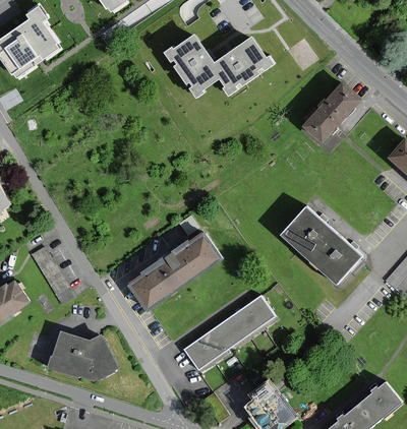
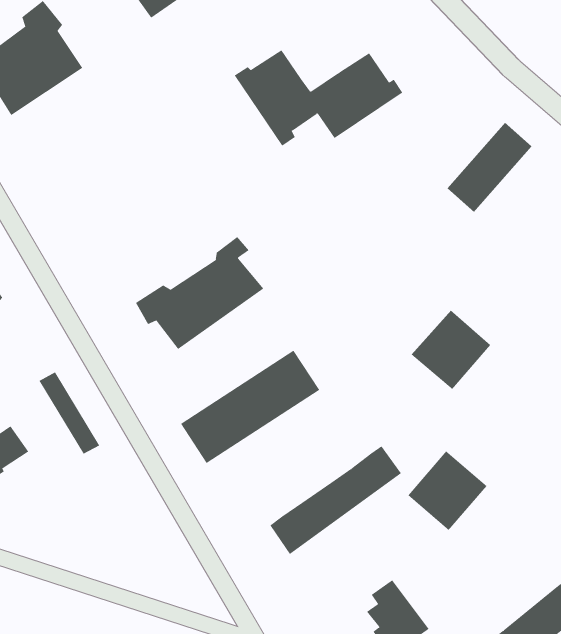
building: none -> [135,236,264,350]
building: [307,230,360,283] -> [407,451,487,531]
building: [47,330,119,379] -> none

